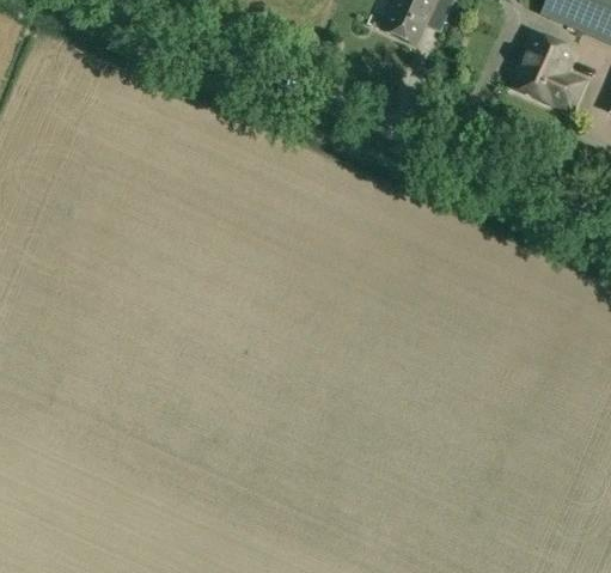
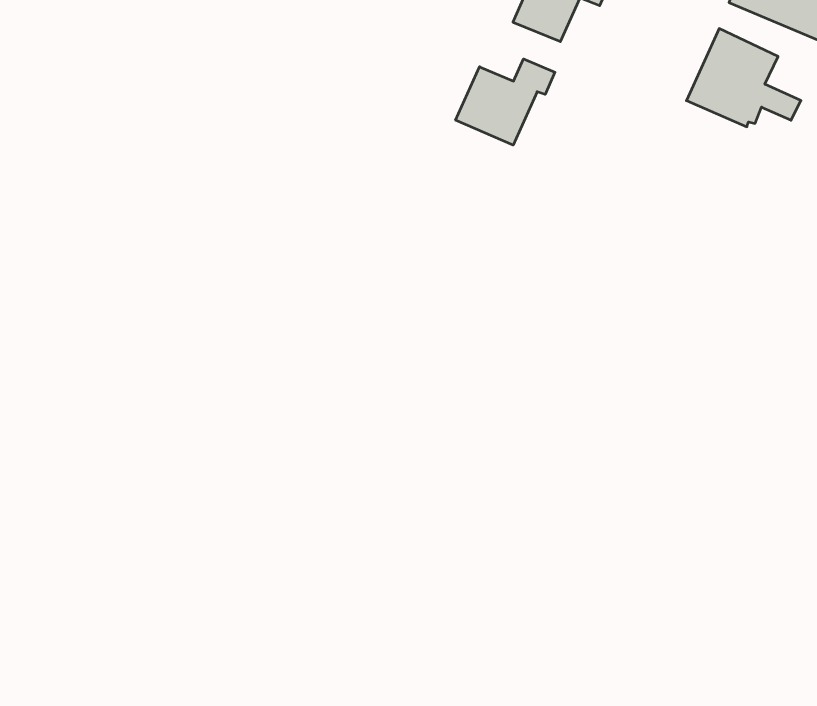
building: none -> [456,59,555,145]

